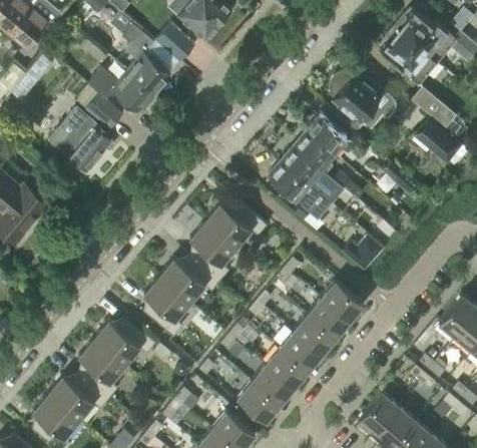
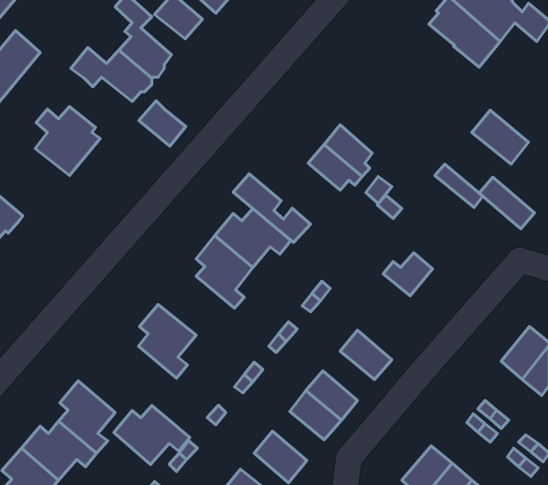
building: [330,73,394,133] -> none
building: [412,85,457,127] -> [479,177,535,229]
building: [84,93,122,130] -> [139,101,186,146]
building: [307,116,355,154] -> none
building: [268,162,331,218] -> [233,174,311,243]
building: [158,255,220,303] -> none
building: [321,282,363,323] -> none
building: [293,316,335,356] -> none
building: [93,318,155,366] -> [114,406,190,465]
building: [252,365,294,405] -> none

